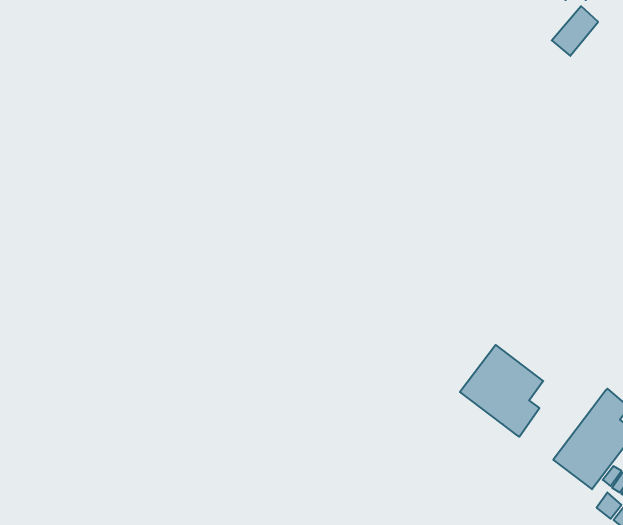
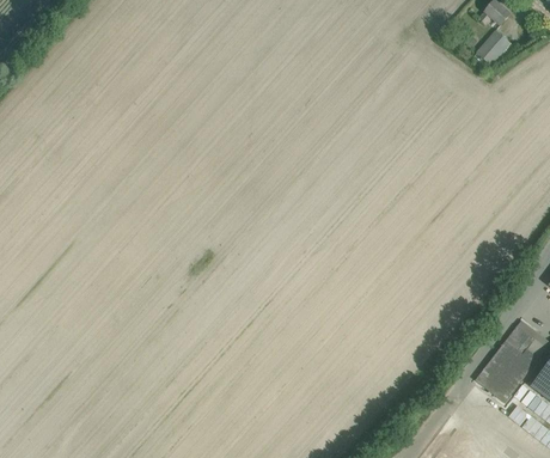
building: [460,345,543,437] -> none

